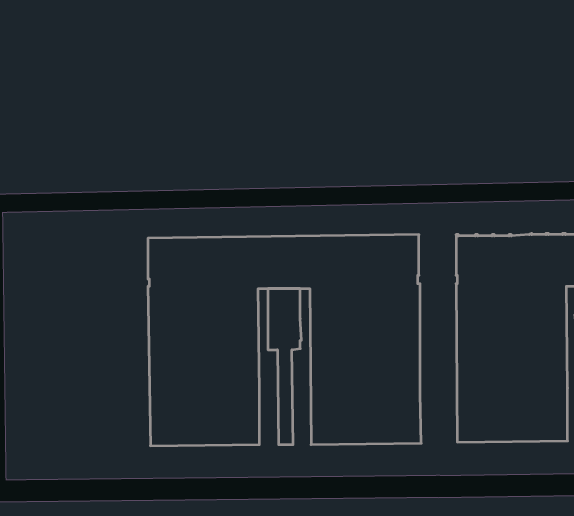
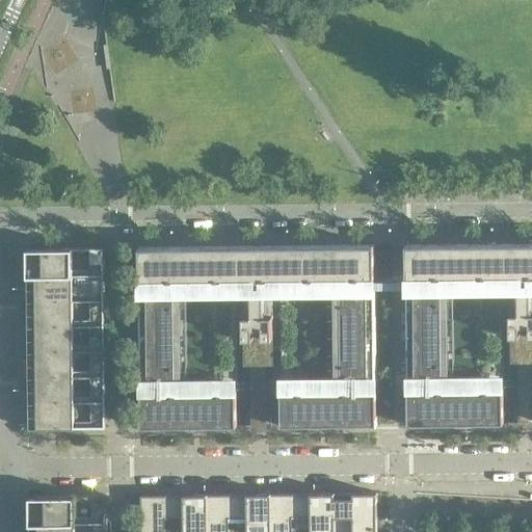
building: none -> [26,251,104,432]

